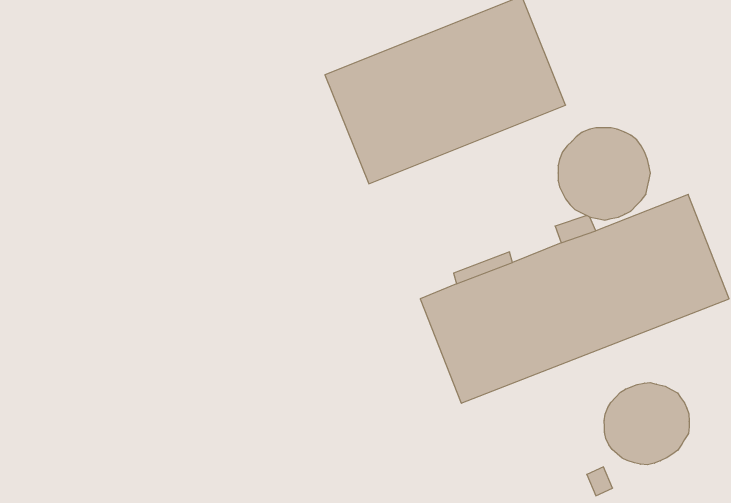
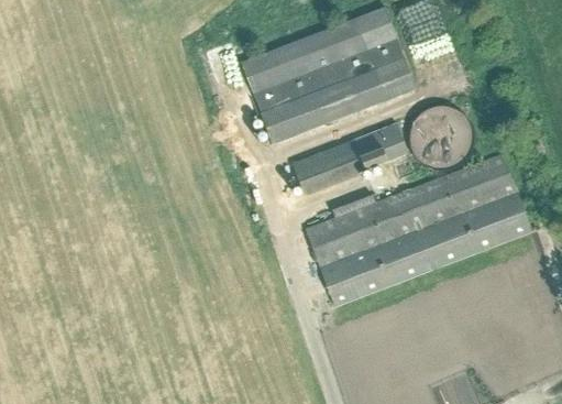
building: none -> [294,123,407,194]
building: [604,383,689,465] -> none

